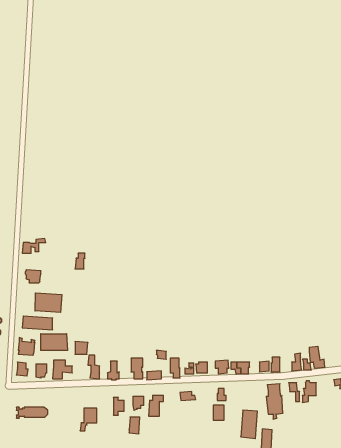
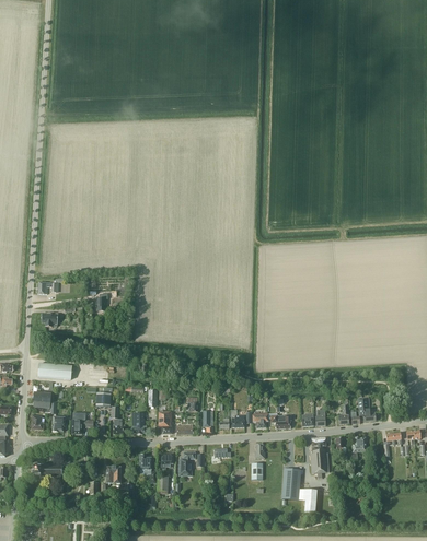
building: [35,293,62,312] -> none
building: [41,334,68,350] -> none

